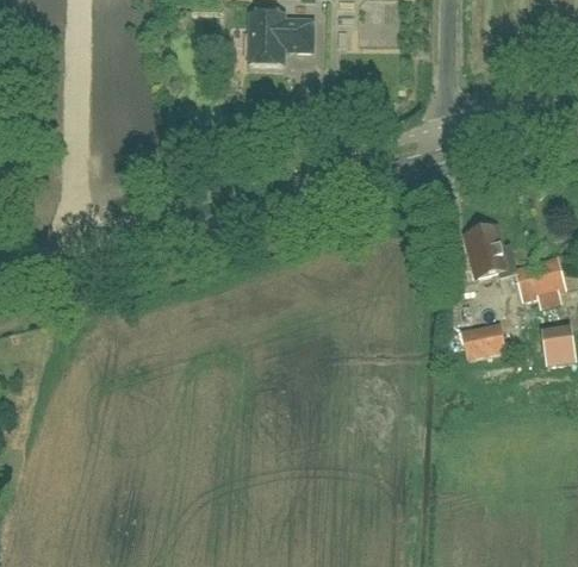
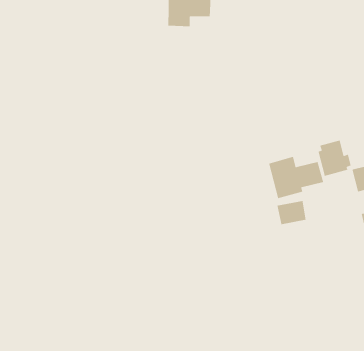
building: none -> [268,156,324,199]
building: [462,323,505,359] -> [277,200,306,225]

